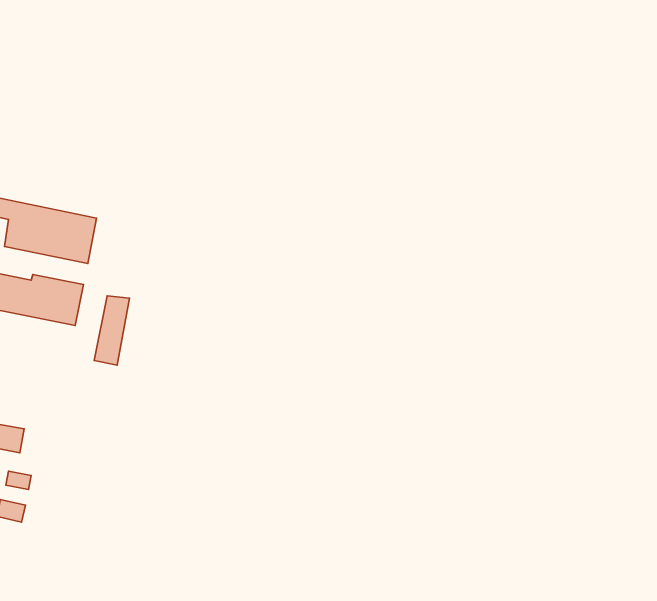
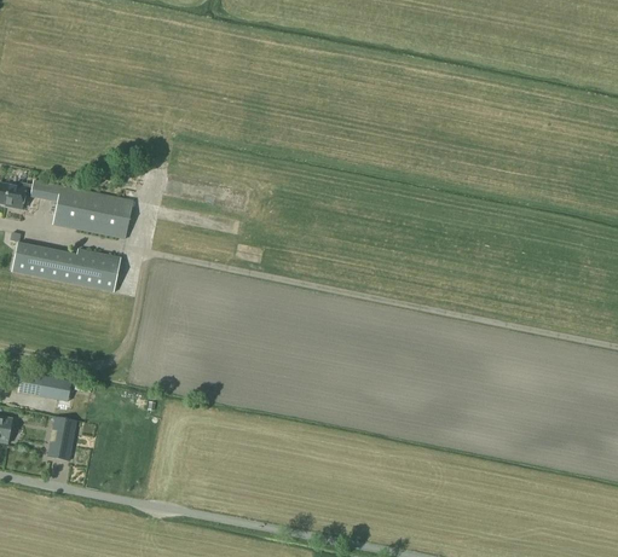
building: [94,296,129,365] -> none

